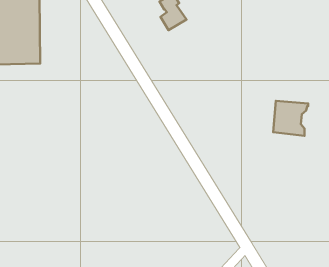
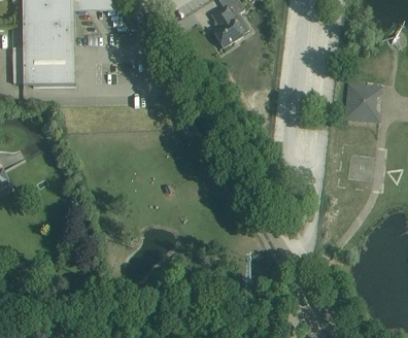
building: [273,101,308,136] -> [344,81,384,122]

